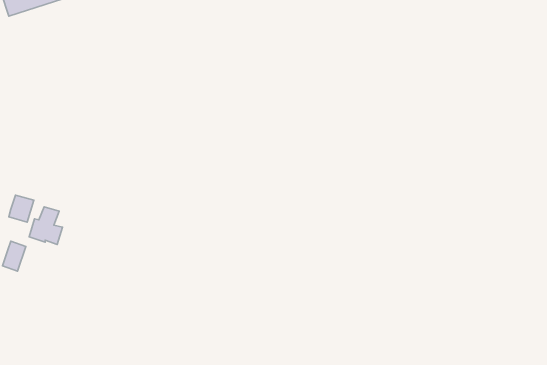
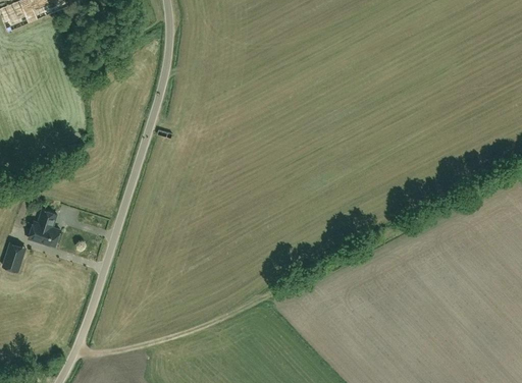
building: [9,195,34,222] -> none

